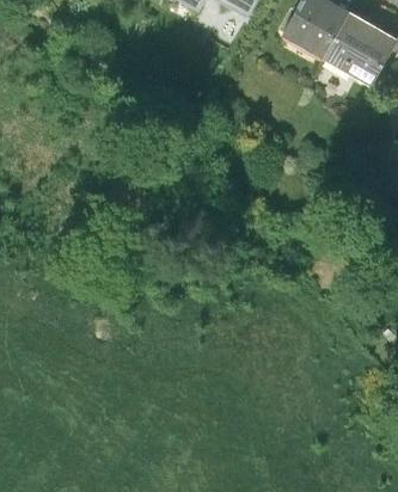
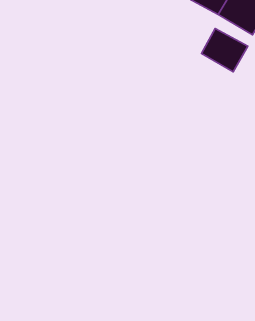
building: none -> [201,28,248,72]

